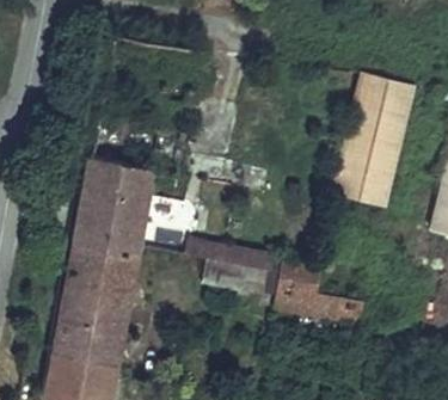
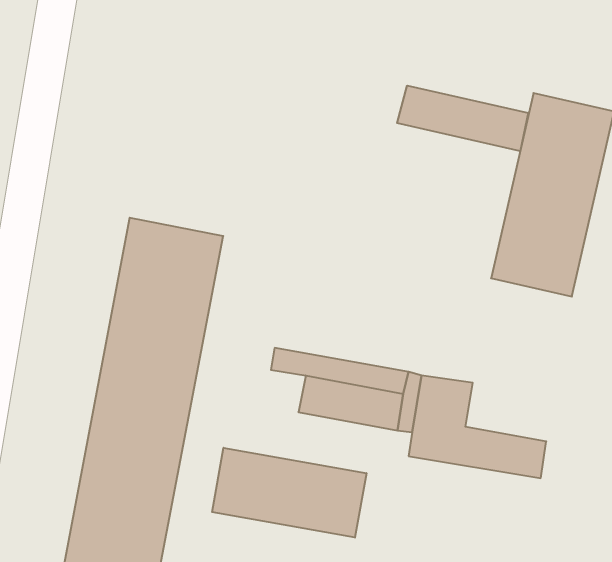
building: none -> [397,86,528,151]
building: none -> [212,448,366,538]

